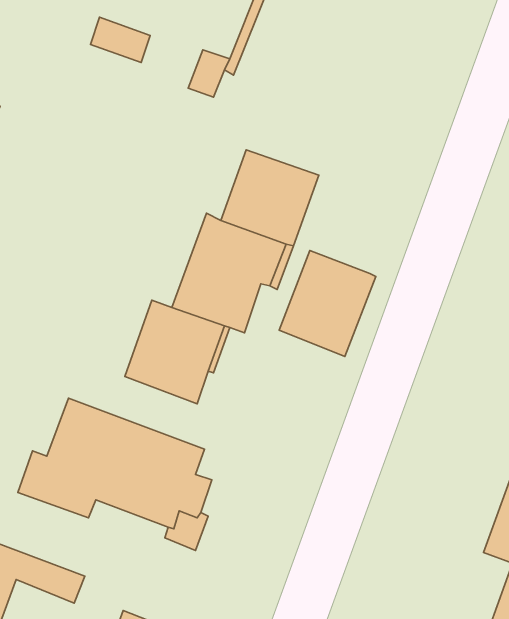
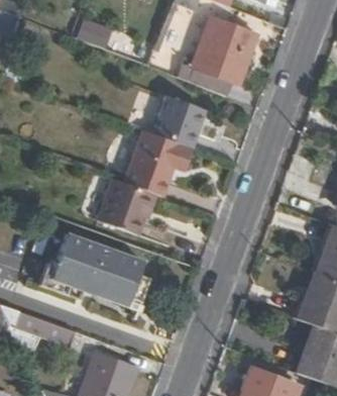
building: none -> [177,16,256,96]
building: [279,250,376,357] -> none

